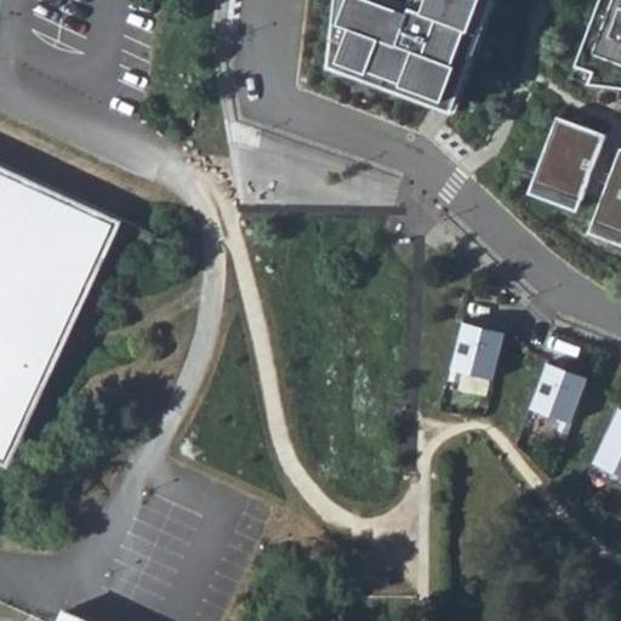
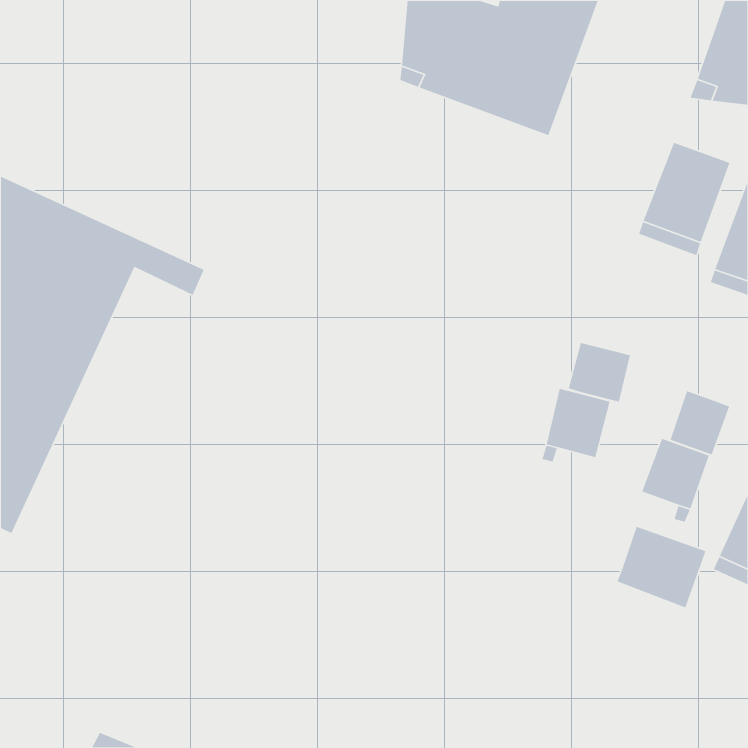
building: none -> [568,342,631,403]
building: none -> [669,390,730,455]
building: none -> [617,526,707,609]

